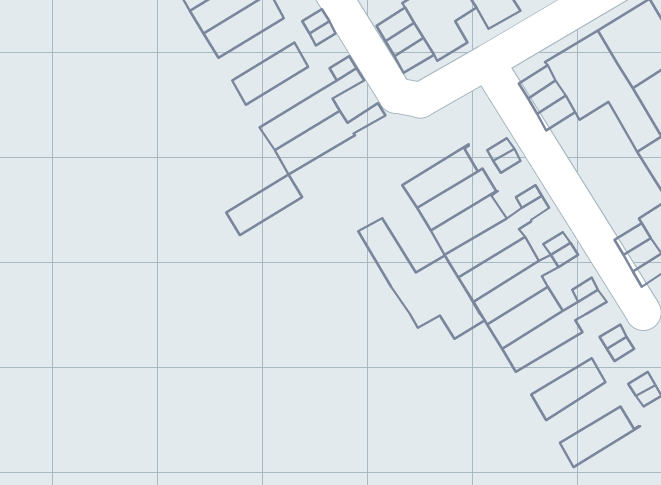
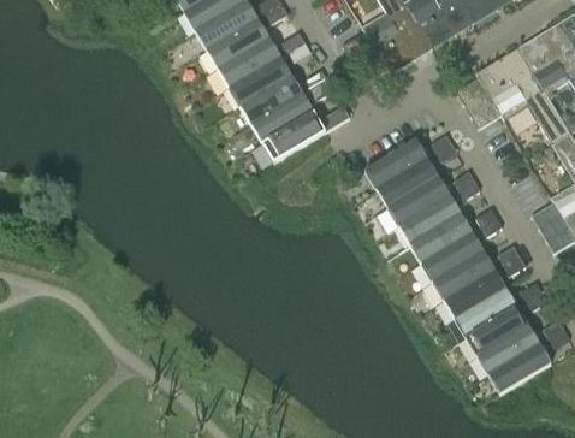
building: none -> [218,37,280,87]
building: [226,174,302,235] -> [239,76,300,124]
building: [358,218,485,339] -> none
building: none -> [454,286,517,336]
building: none -> [478,326,537,374]

